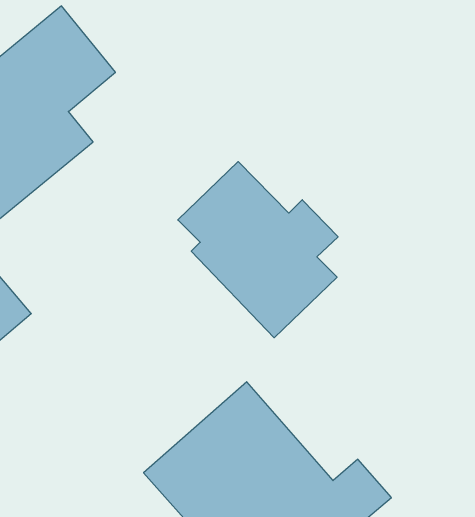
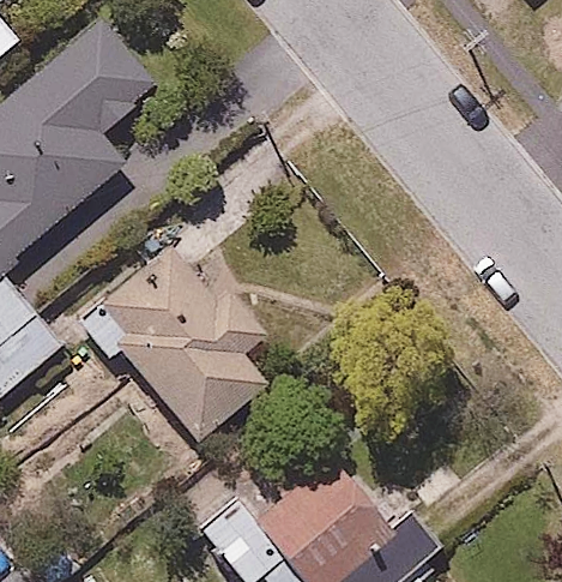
building: [178,162,338,338] -> [95,252,266,440]

